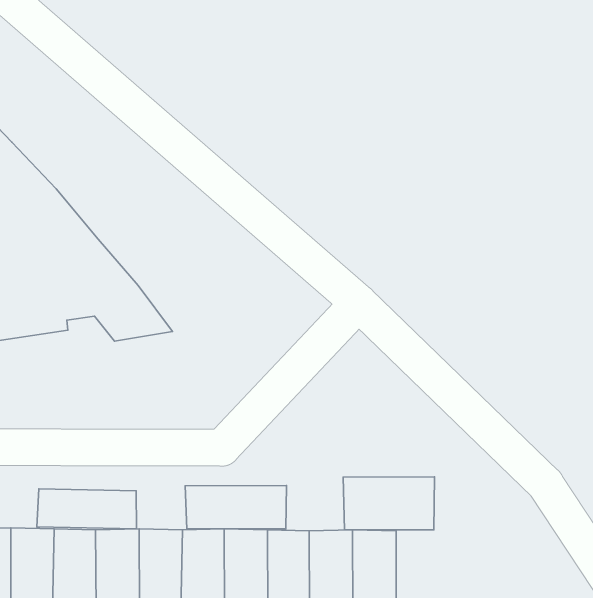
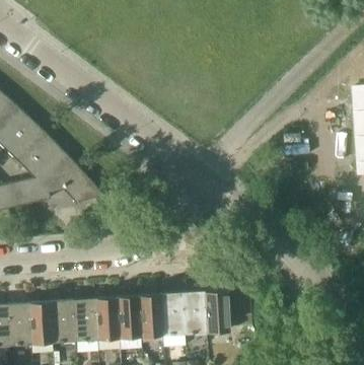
building: [343,477,435,530] -> none
building: [185,485,287,529] -> none
building: [37,489,137,529] -> none

